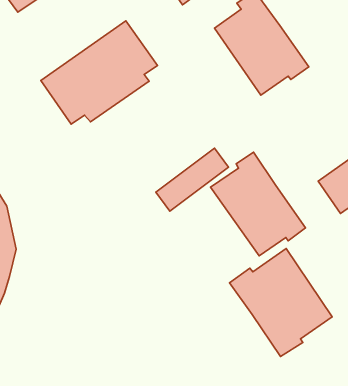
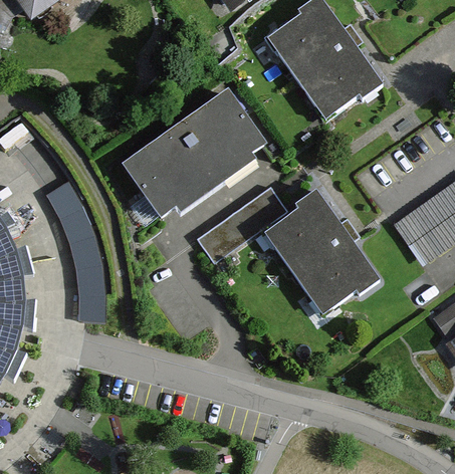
building: [41,21,157,124] -> [123,91,264,217]
building: none -> [47,180,104,318]
building: [230,248,332,357] -> none

